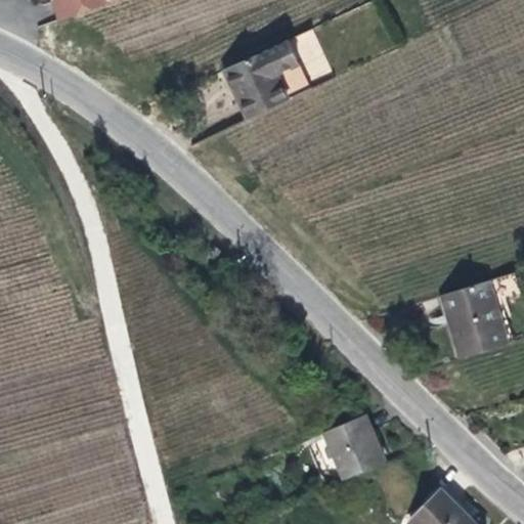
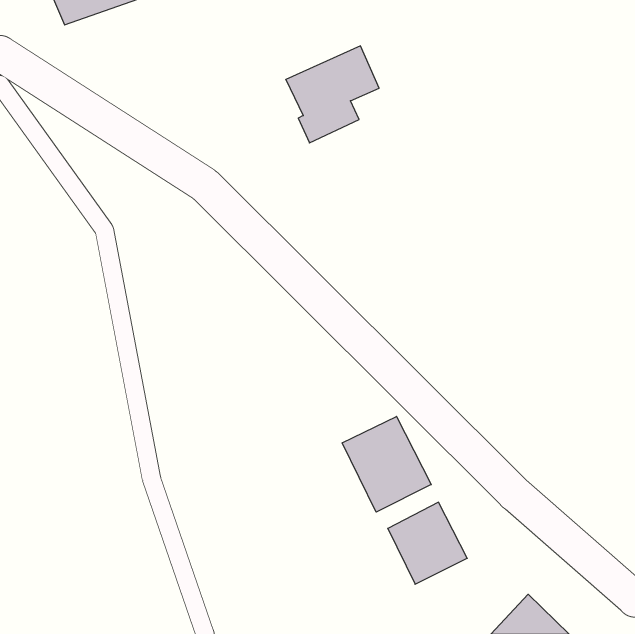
building: [448,278,512,355] -> none
building: none -> [342,416,431,512]

